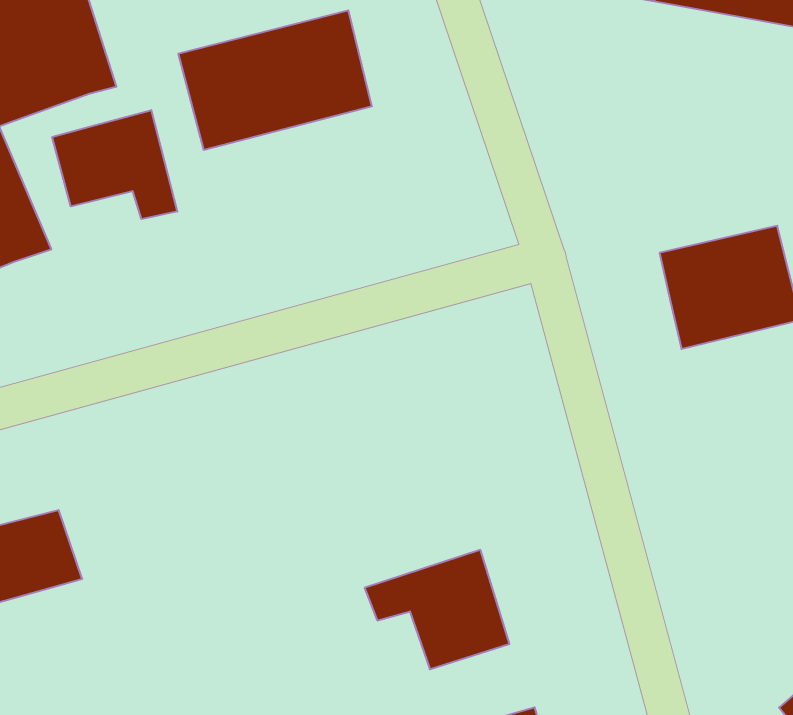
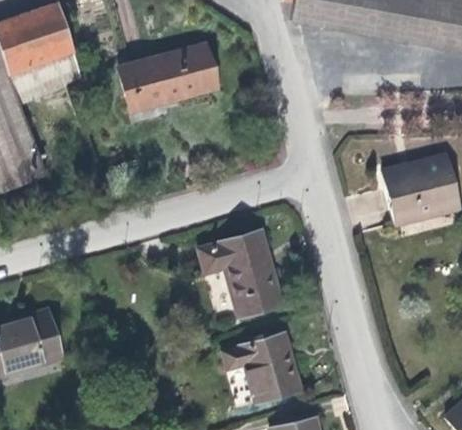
building: [52,110,177,219] -> none
building: none -> [197,236,277,316]

